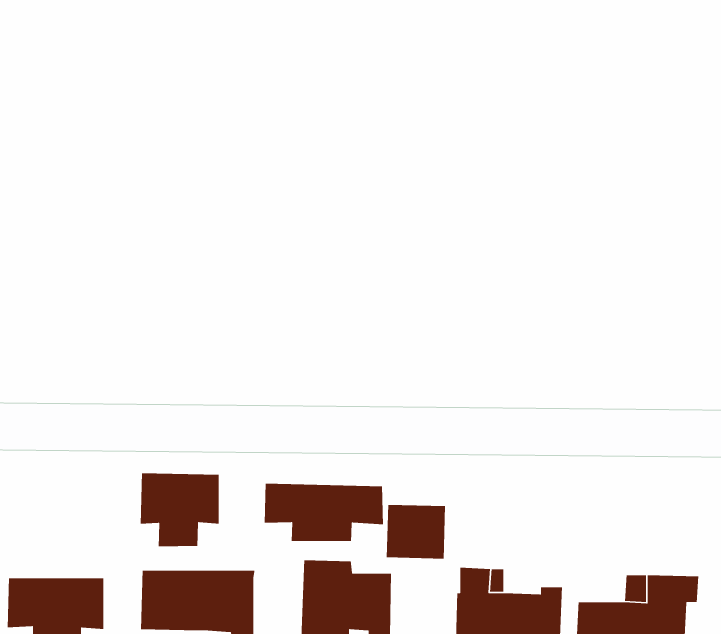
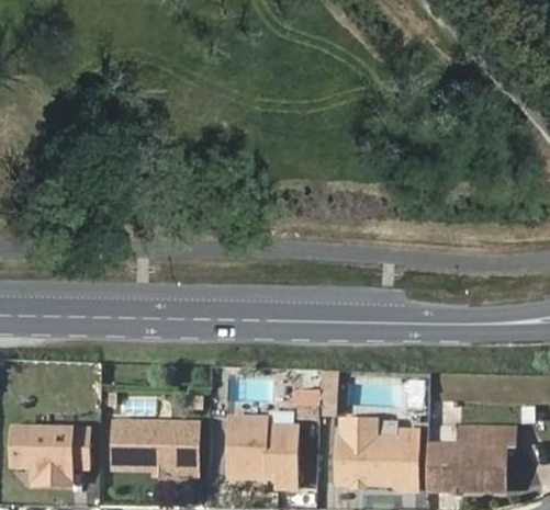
building: [140,473,220,547] -> none
building: [264,483,384,542] -> none

